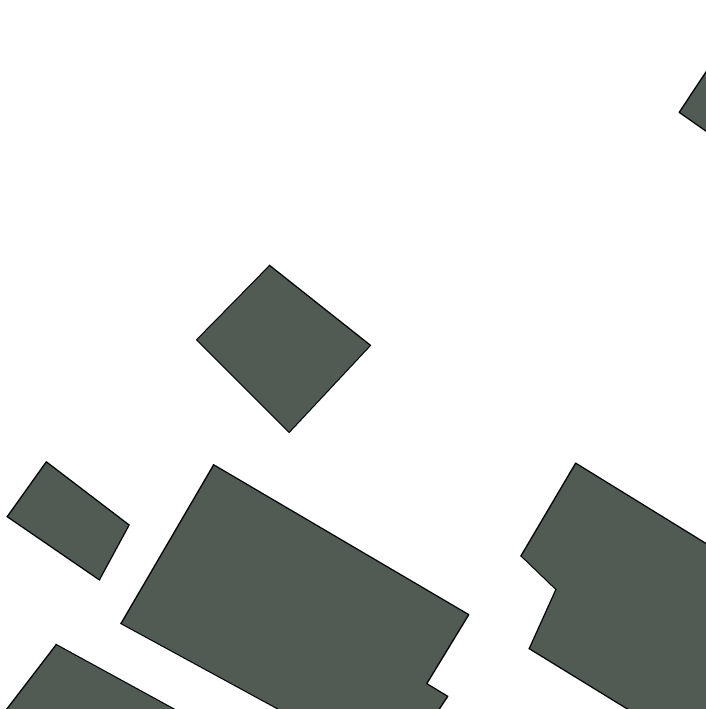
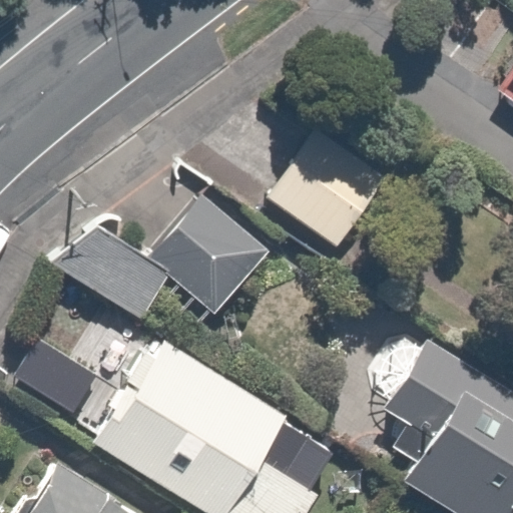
building: none -> [268,130,394,252]
building: none -> [48,225,172,322]

